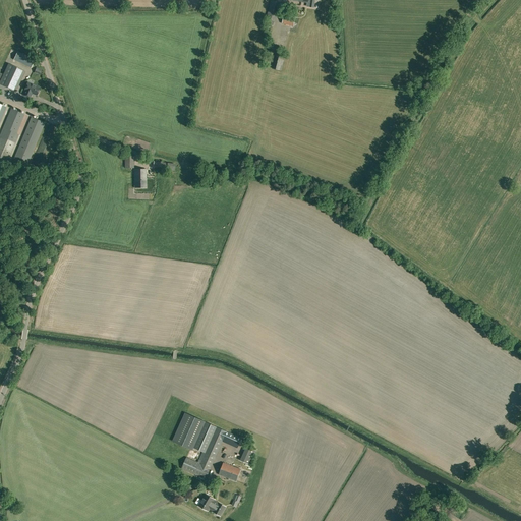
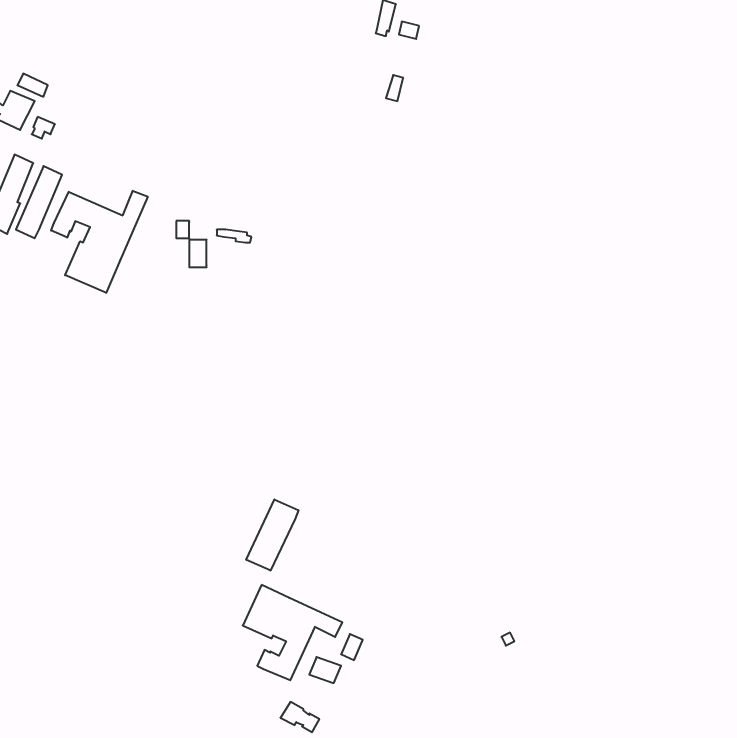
building: none -> [51,191,148,293]
building: none -> [246,499,298,571]

